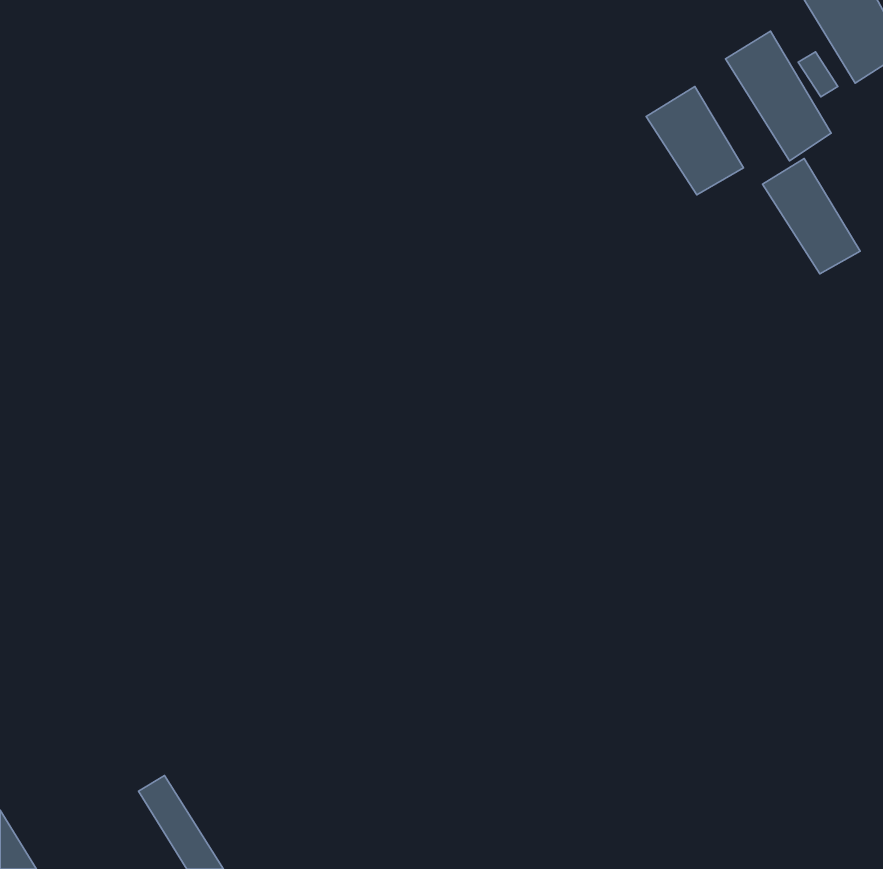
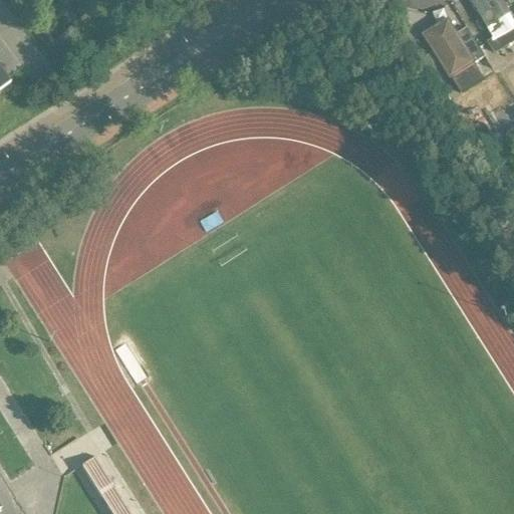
building: [646,86,744,195] -> none
building: [762,158,860,274] -> none

